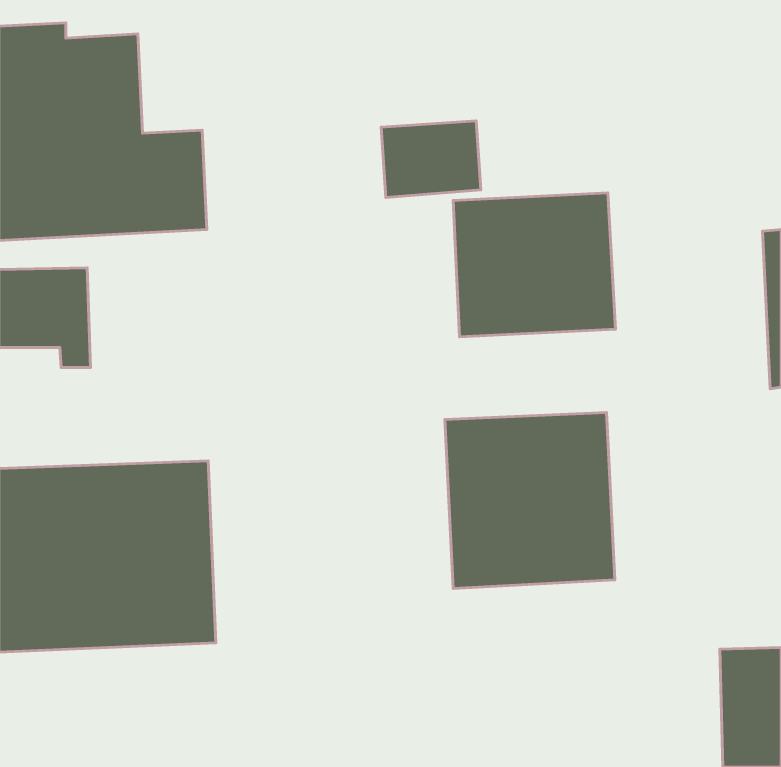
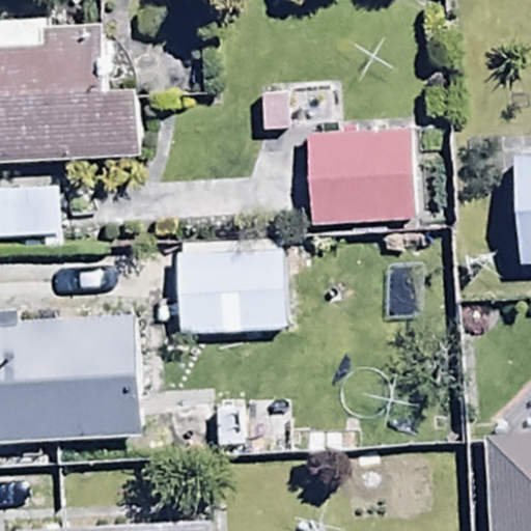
building: none -> [173,245,285,334]
building: [445,413,615,589] -> none

